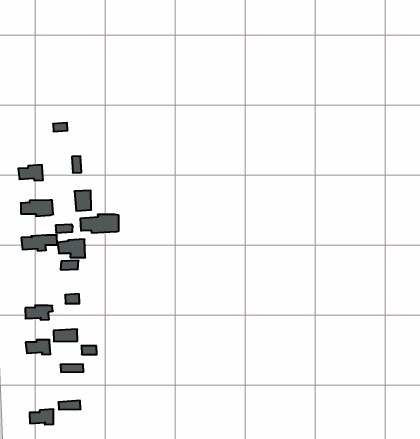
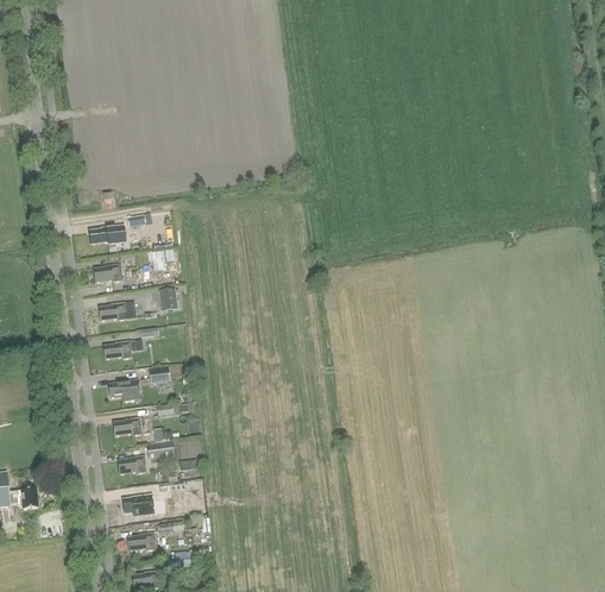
building: none -> [88,223,125,243]
building: [81,214,118,233] -> none
building: [57,239,85,258] -> [107,378,139,399]
building: none -> [121,493,153,515]

